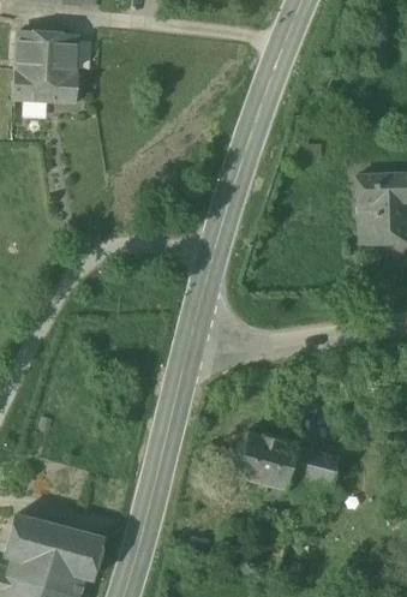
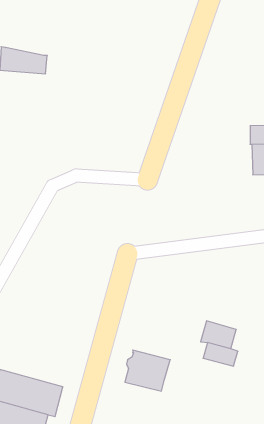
building: [23,34,79,78] -> none
building: [238,431,300,488] -> [125,350,170,391]

